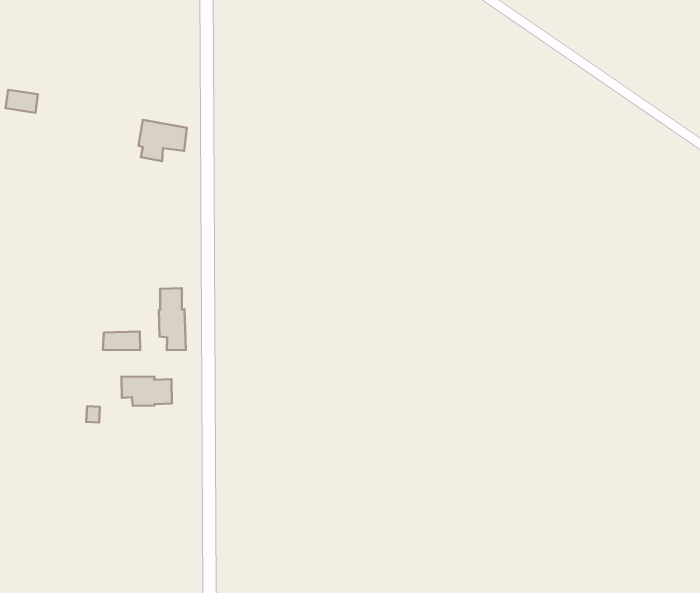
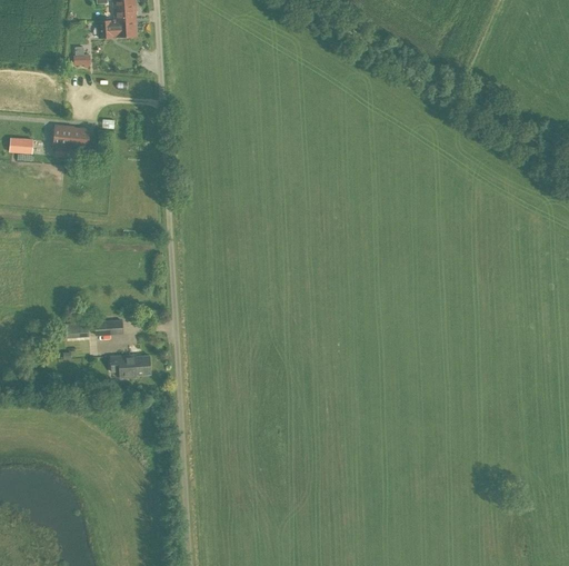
building: [139,120,187,161] -> [52,125,89,156]
building: [159,288,186,350] -> none

